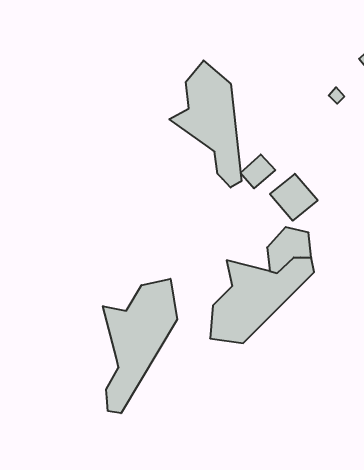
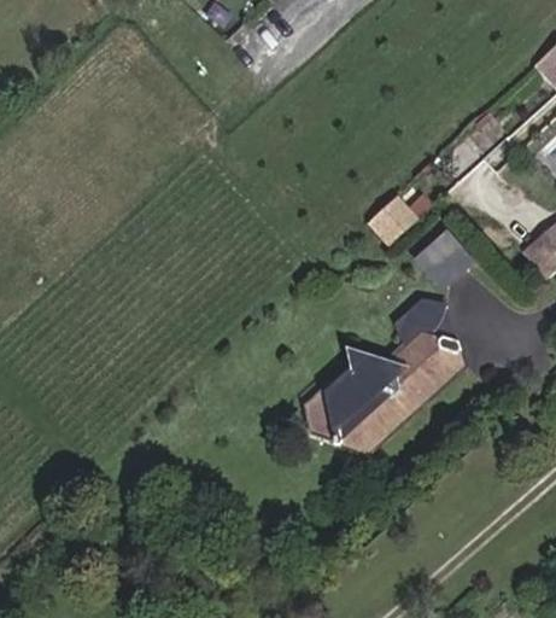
building: [169,60,241,188] -> none
building: [103,279,177,413] -> none

